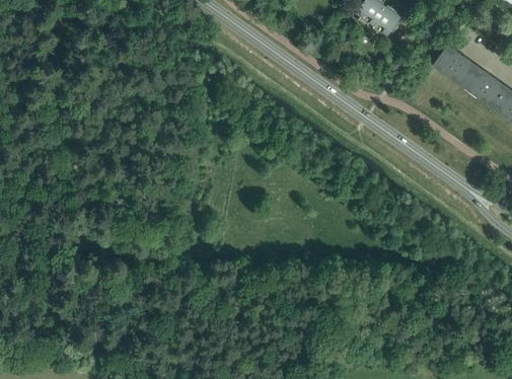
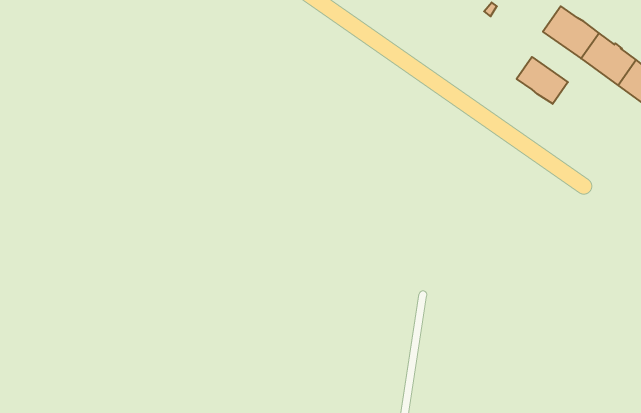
building: none -> [517,57,568,104]

